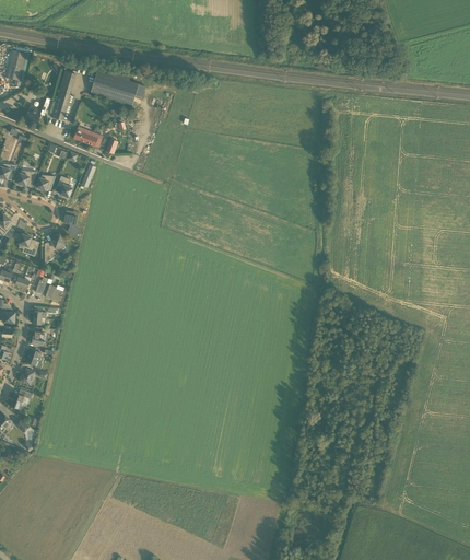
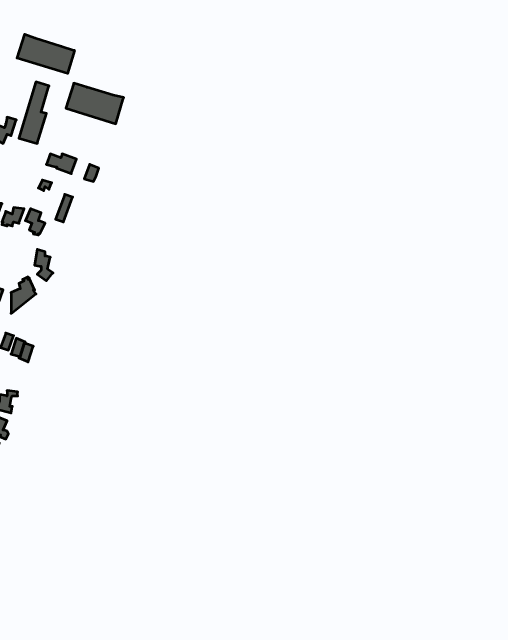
building: none -> [17,34,74,73]

